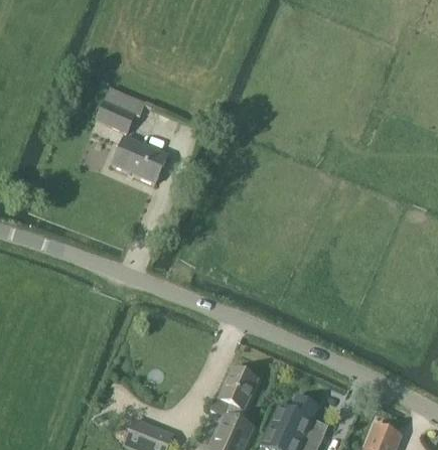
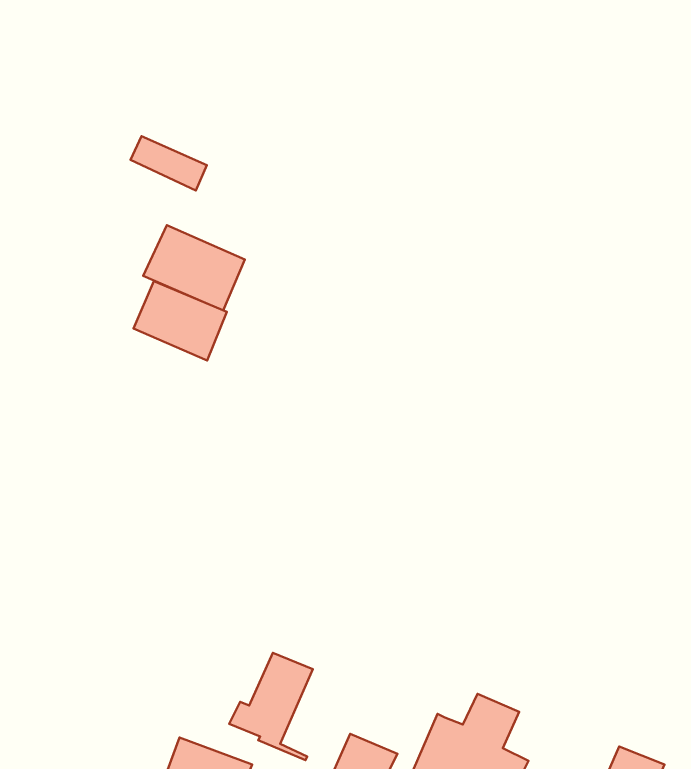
building: [95,102,133,132] -> none
building: none -> [133,281,227,361]
building: [209,369,256,429] -> [229,653,313,760]

